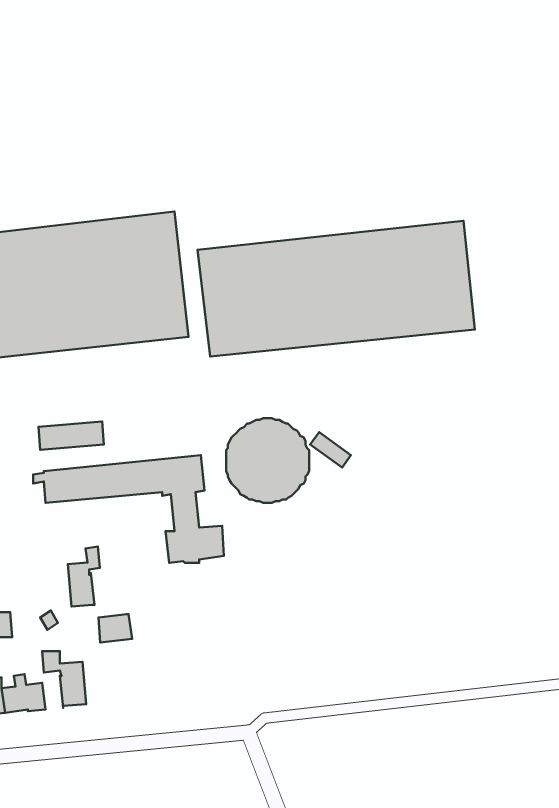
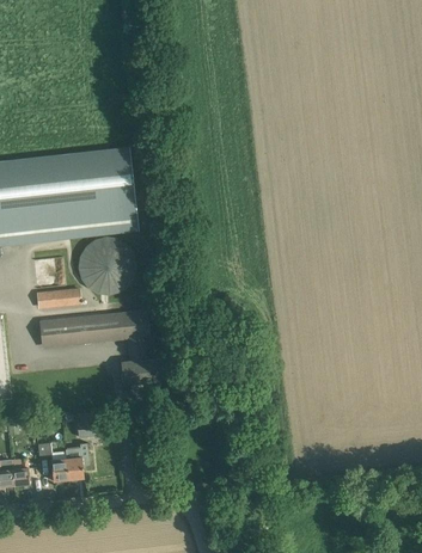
building: [197,221,475,357] -> none
building: [226,418,309,503] -> [79,236,135,294]
building: [68,547,100,607] -> [66,438,87,479]

